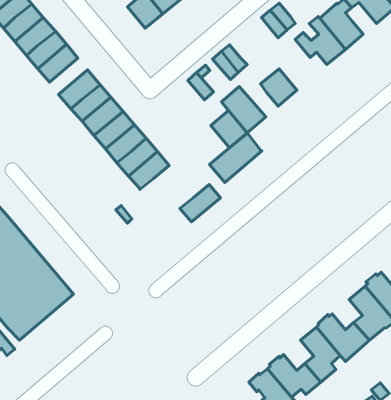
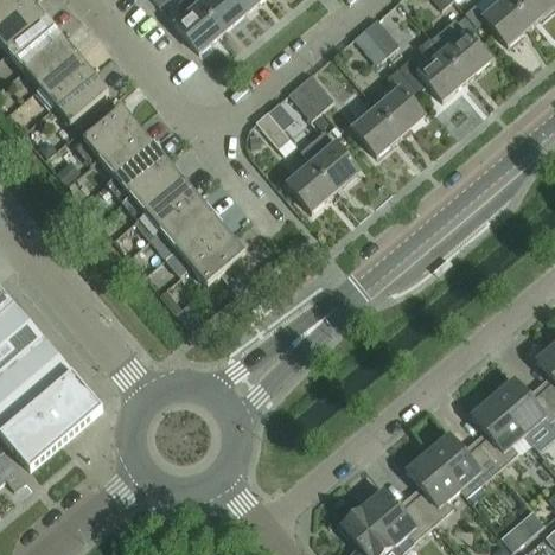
building: none -> [378,66,426,134]
building: [209,133,262,182] -> none
building: [180,184,221,222] -> [192,235,247,285]

